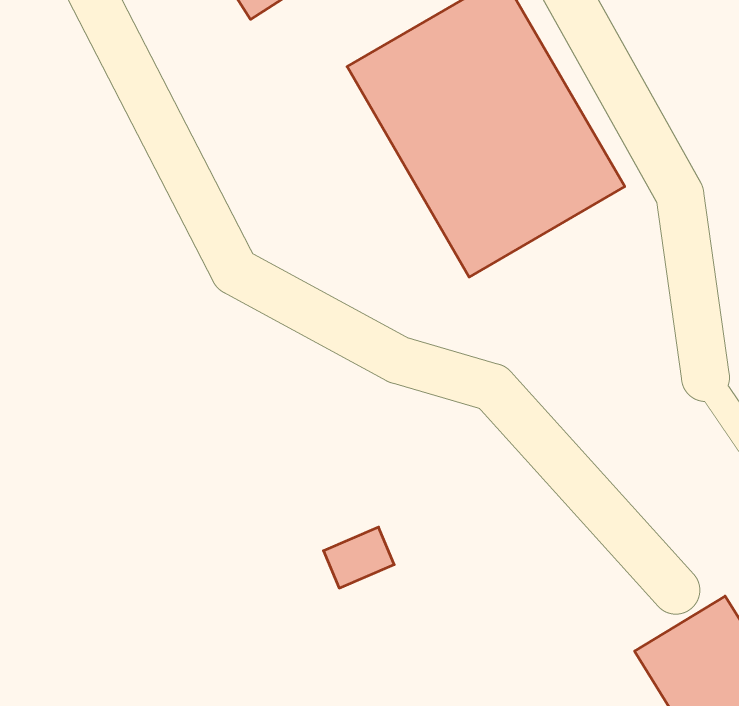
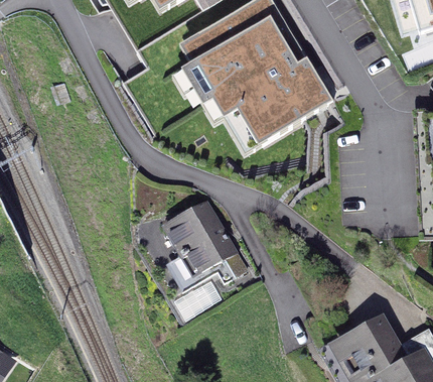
building: none -> [151,200,235,284]

